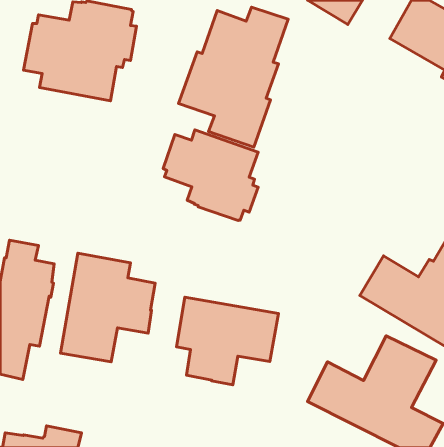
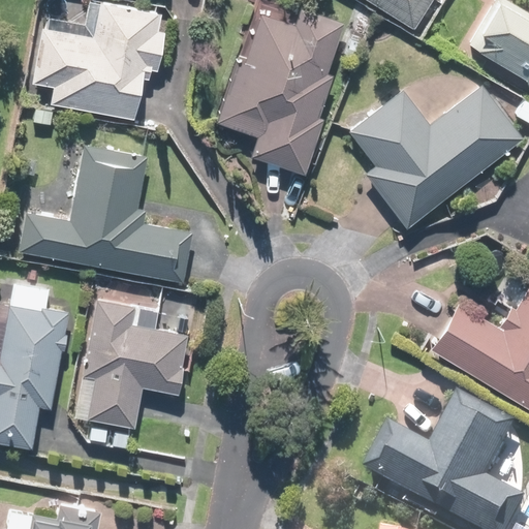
building: none -> [348,85,523,228]
building: none -> [19,146,192,283]
building: [163,130,258,221] -> none
building: [177,297,278,385] -> none

